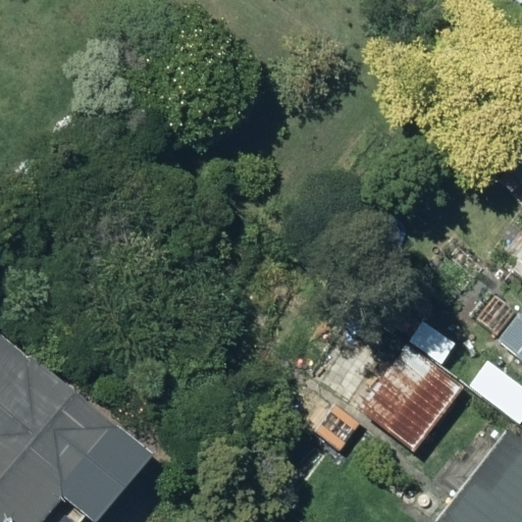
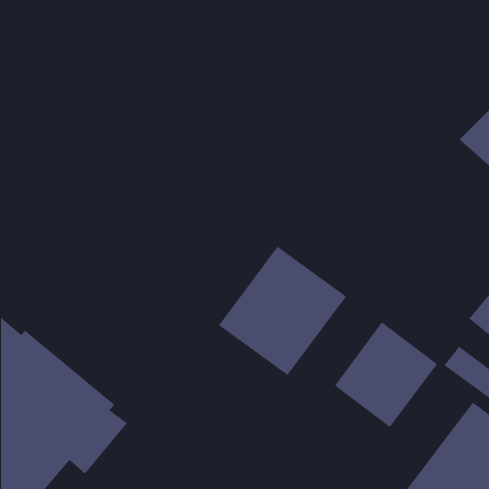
building: none -> [218,246,347,376]

